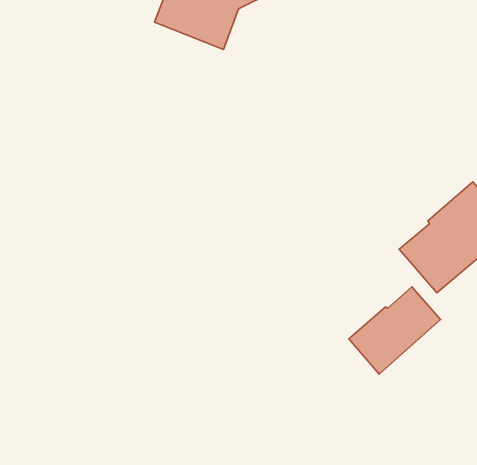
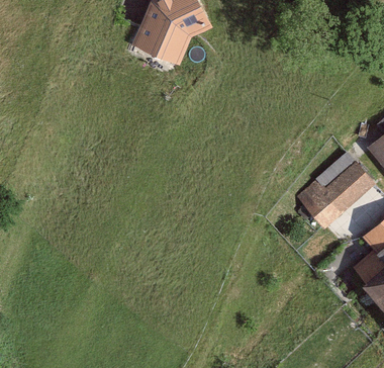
building: [349,287,440,374] -> none

